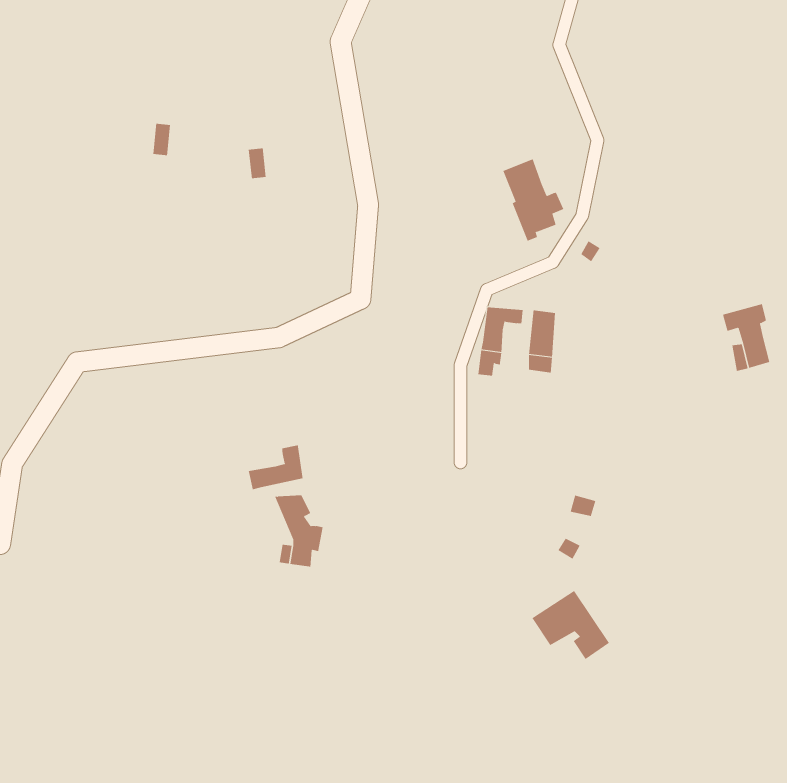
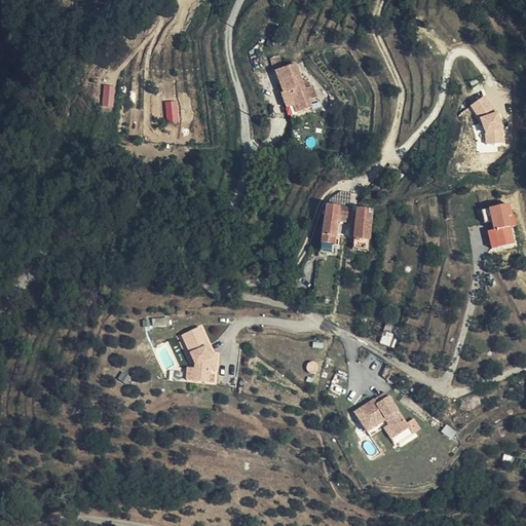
building: none -> [468,92,509,143]
building: [502,158,564,242] -> [277,62,318,117]
building: [248,445,303,490] -> none

